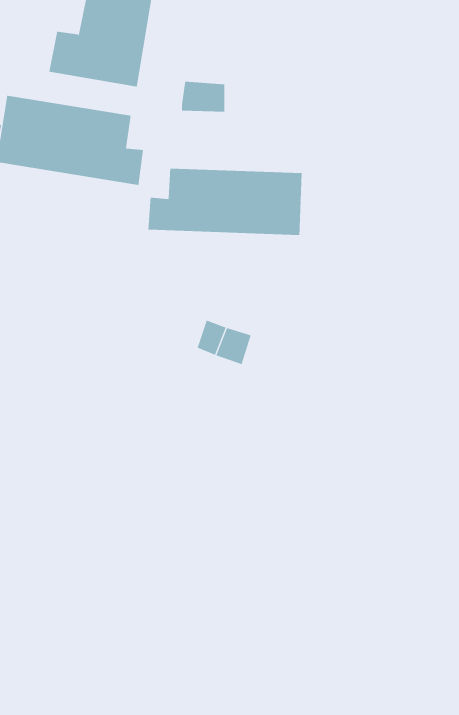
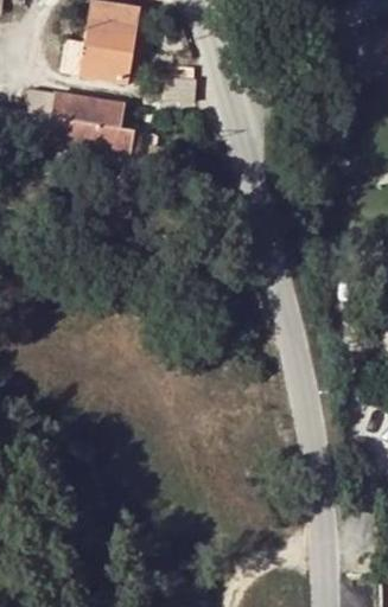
building: [148,168,302,236] -> none

